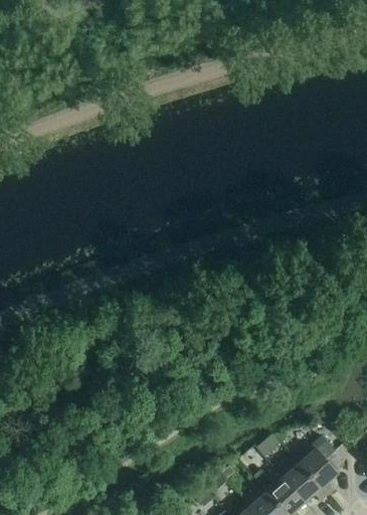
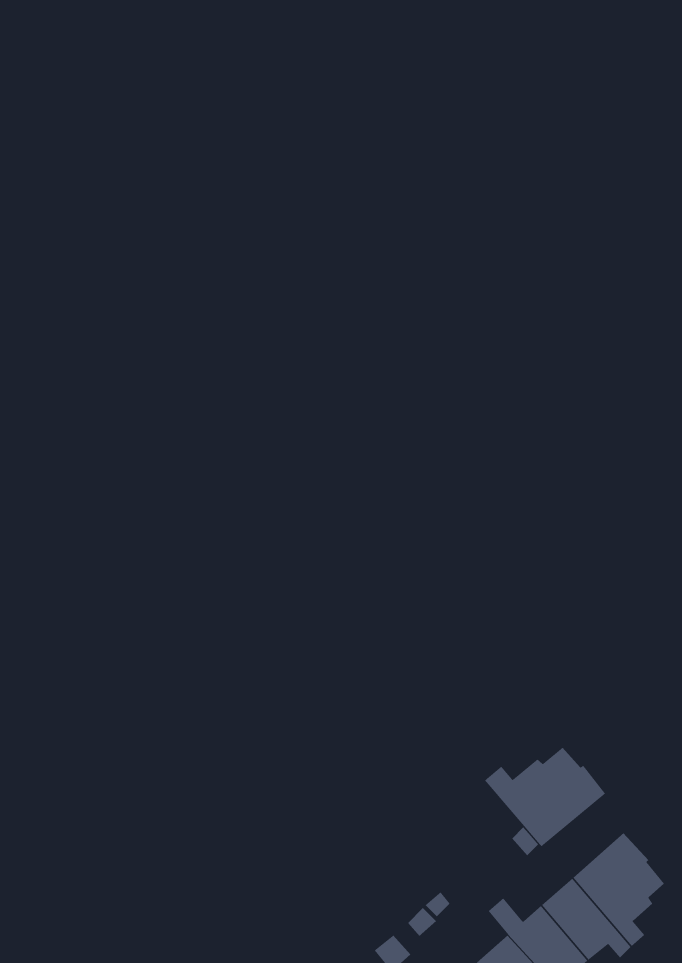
building: none -> [484,747,606,847]

